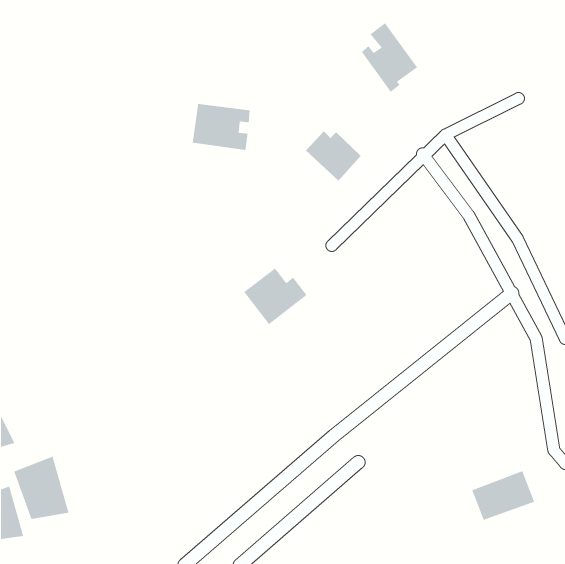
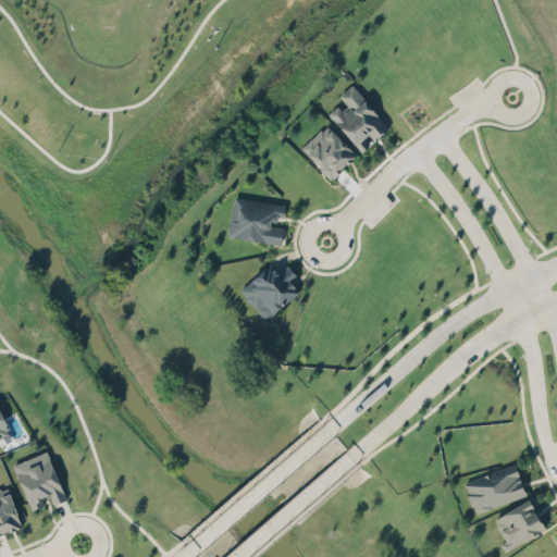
building: [361,22,418,93] -> [330,84,386,153]
building: [192,103,251,151] -> [227,198,285,245]
building: none -> [494,500,545,552]

